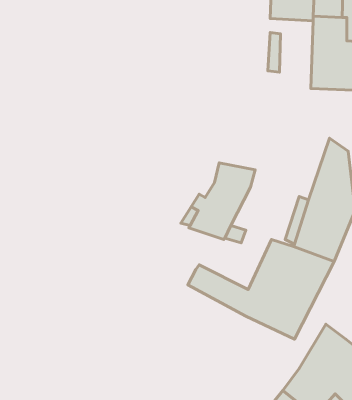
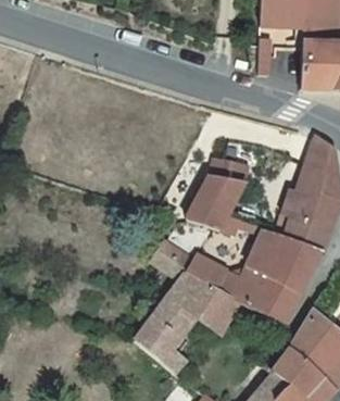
building: none -> [134,240,239,372]

